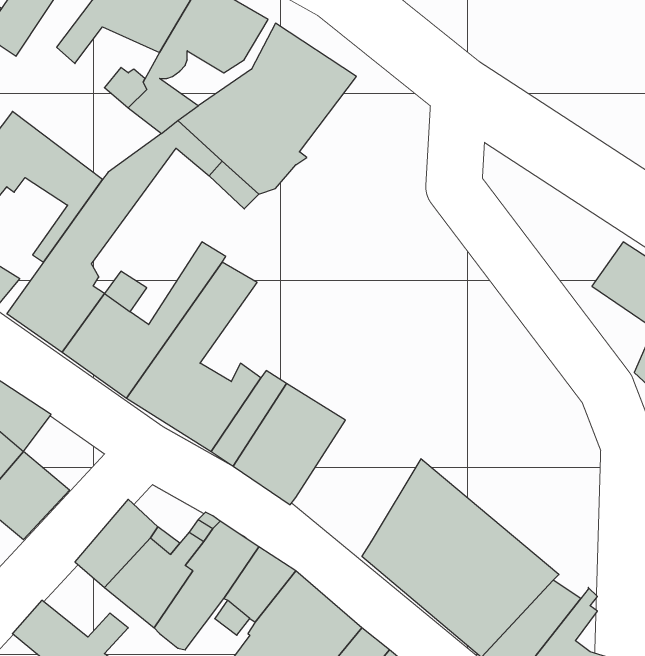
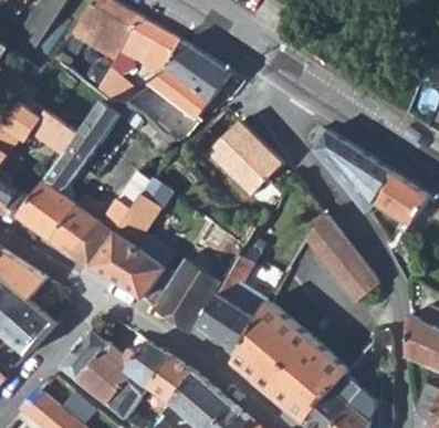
building: none -> [208,119,282,194]
building: none -> [310,132,389,209]
building: none -> [306,213,373,302]
building: none -> [192,255,268,353]

